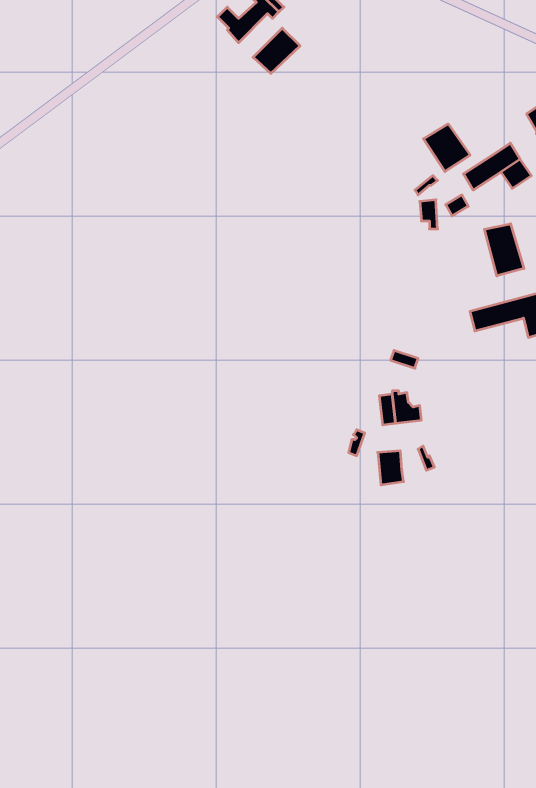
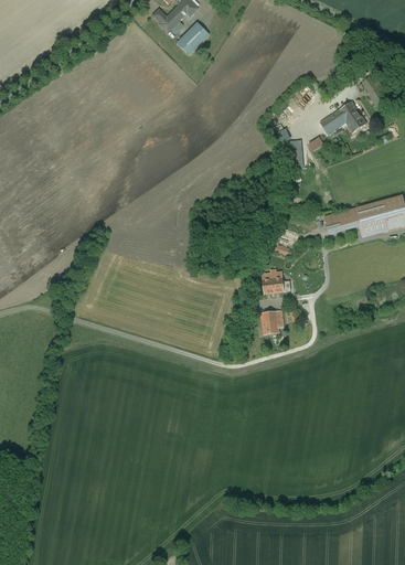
building: [423,124,470,172] -> none
building: [484,224,524,276] -> none

